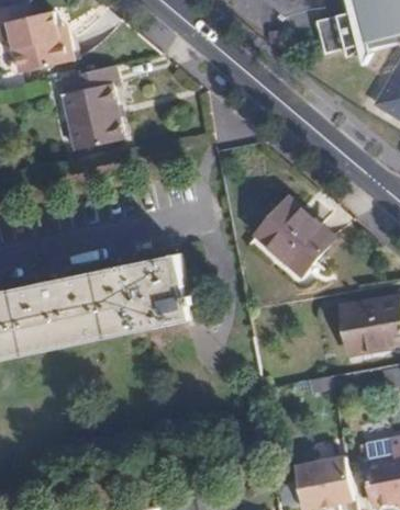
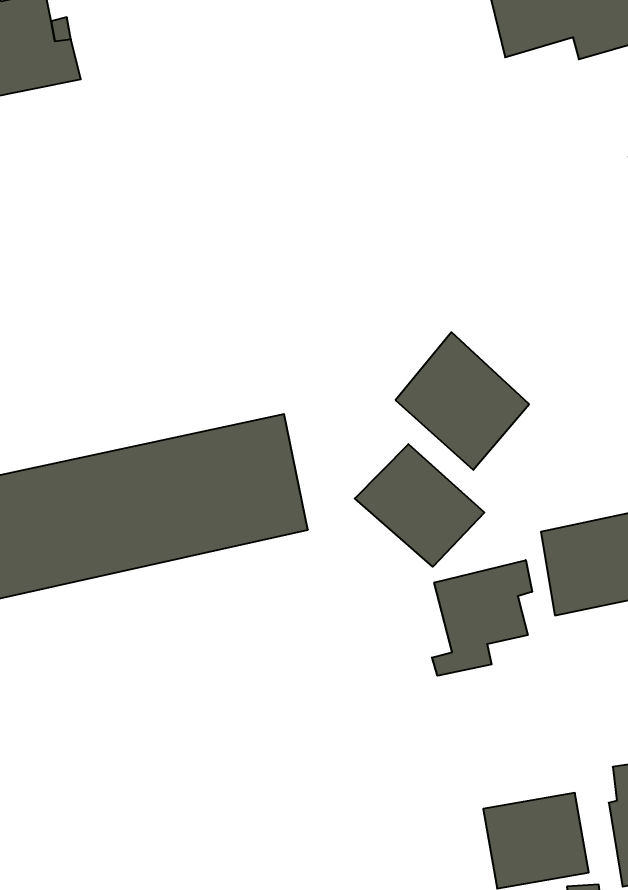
building: [75,65,137,149] -> none
building: none -> [355,444,484,567]
building: none -> [432,560,532,676]

